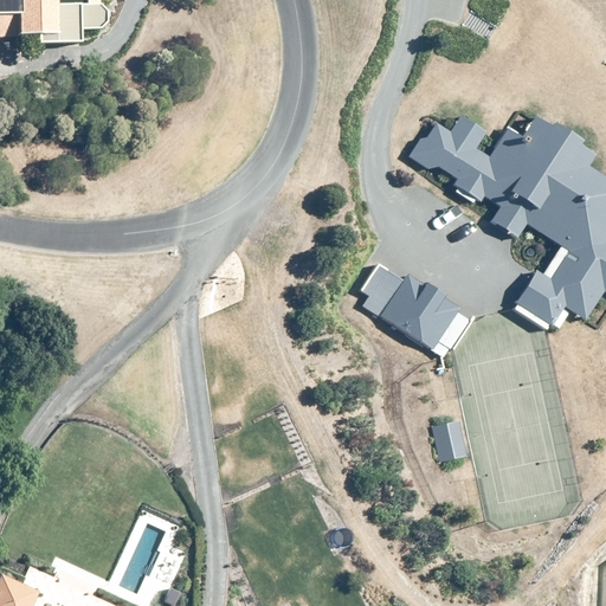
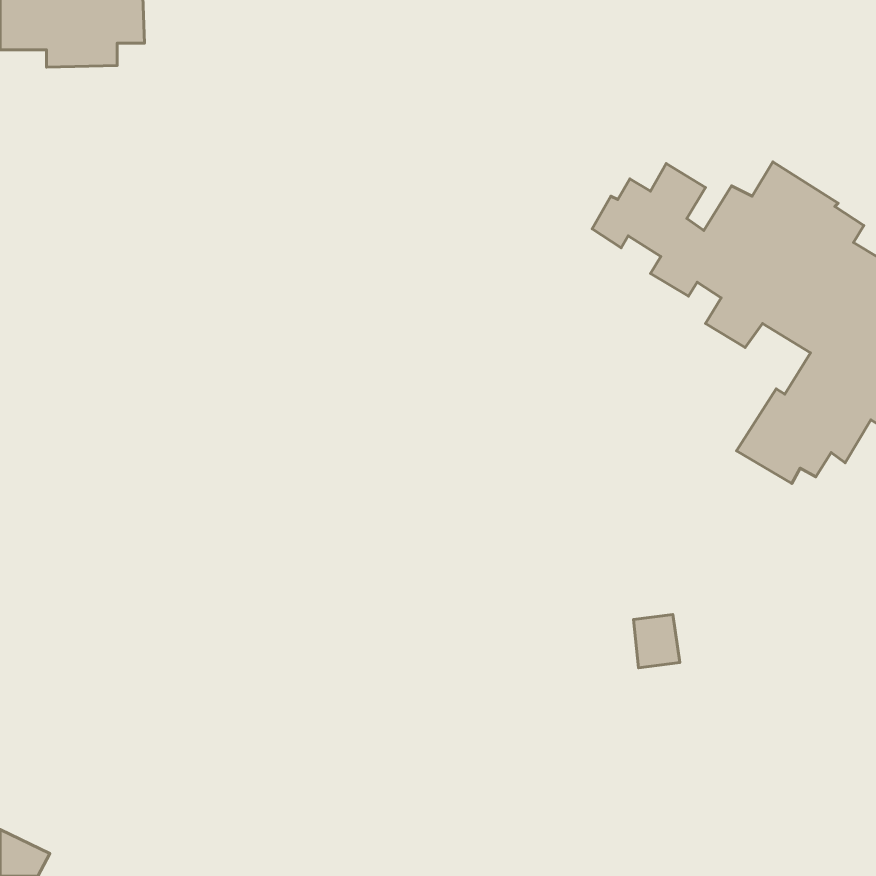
building: [360,257,471,357] -> none

